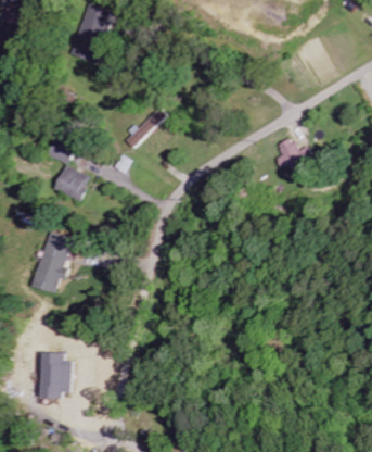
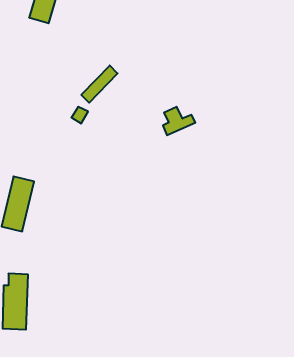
building: [279,137,315,168] -> [163,107,195,135]
building: [53,165,90,200] -> none

